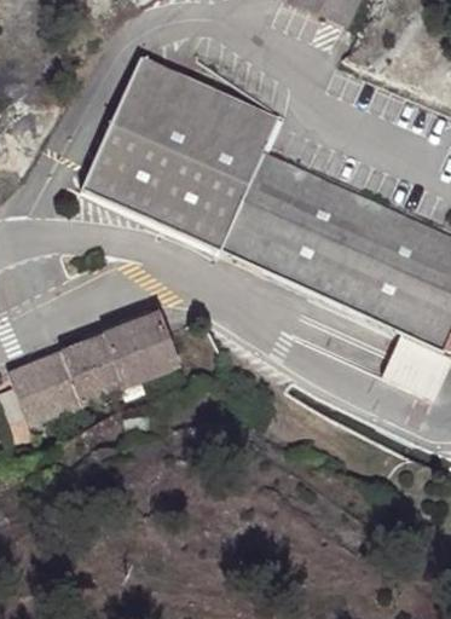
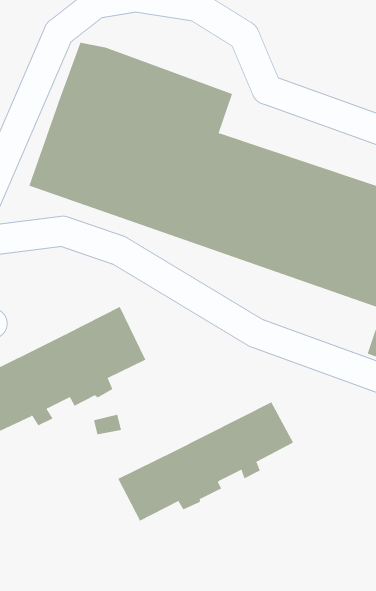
building: none -> [118,402,294,521]

